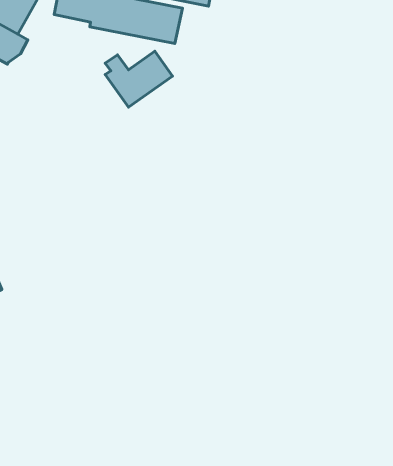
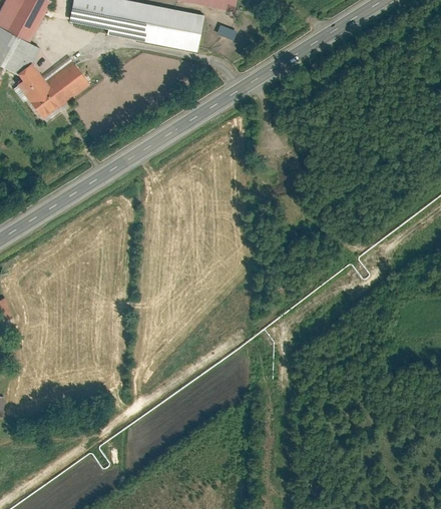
building: [105,51,173,107] -> [18,59,90,119]

